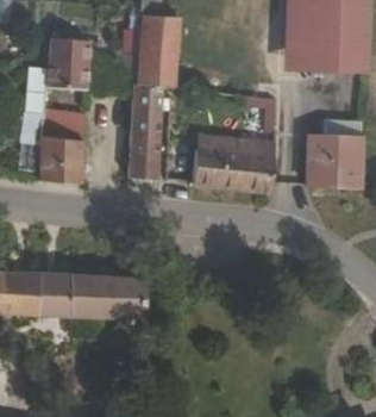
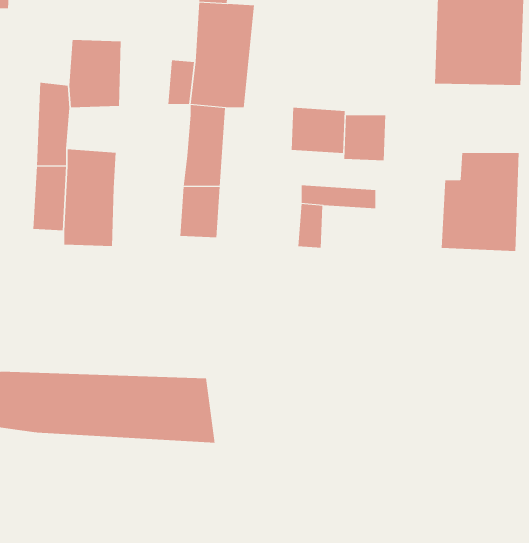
building: [225,156,263,188] -> [291,107,345,153]

